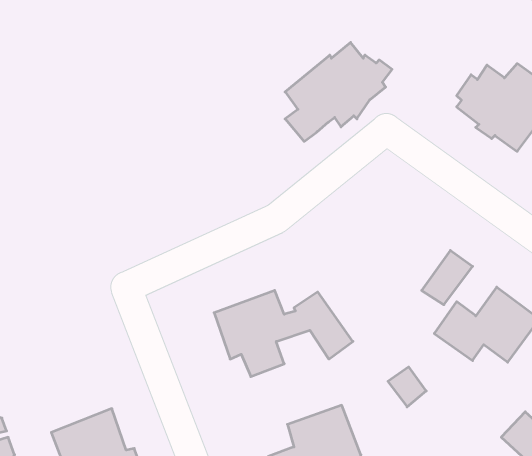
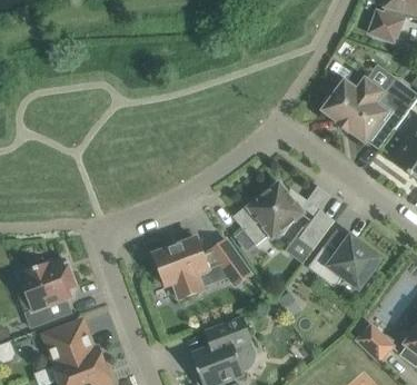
building: [285,42,392,141] -> [232,181,307,250]
building: none -> [18,258,75,325]

